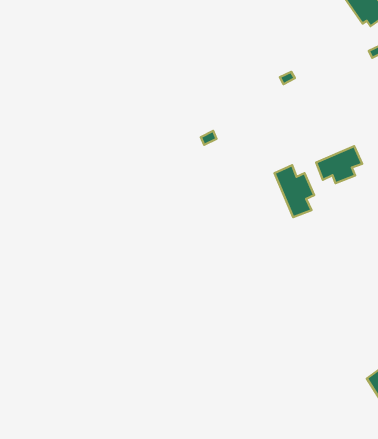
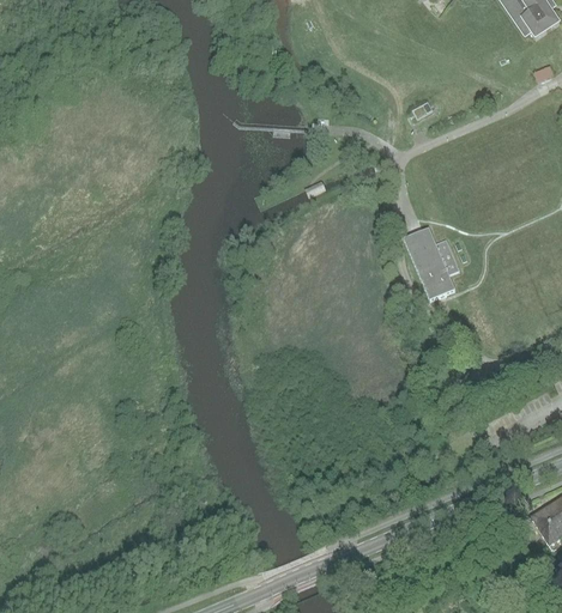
building: [316,146,362,183] -> none

